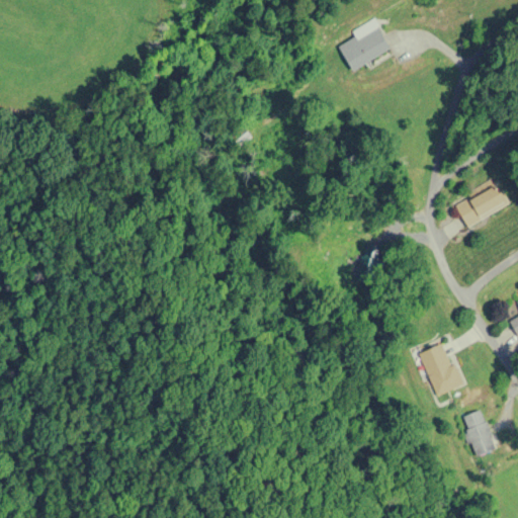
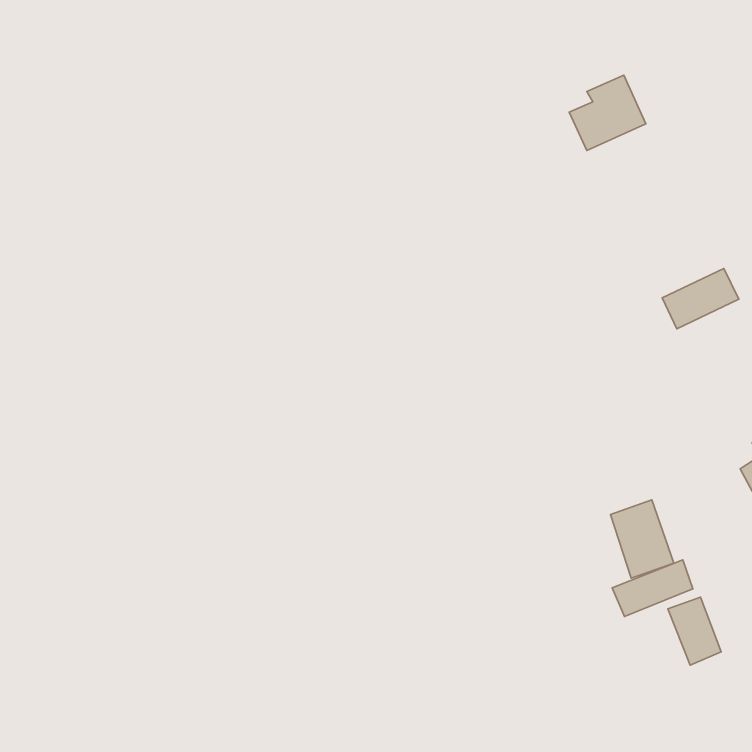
building: [341,18,394,70] -> [569,75,646,150]
building: none -> [612,560,693,617]

